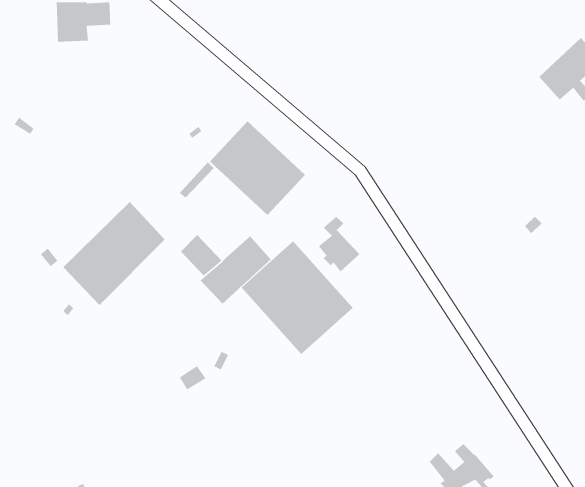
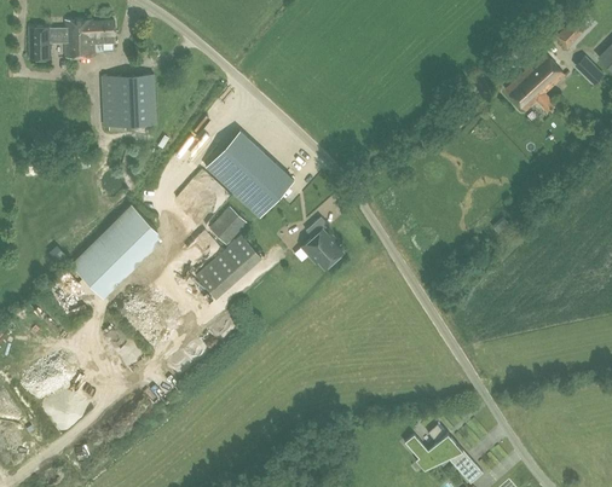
building: none -> [29,27,65,59]
building: none -> [102,74,156,127]
building: none -> [209,205,247,244]
building: [241,241,353,355] -> none

